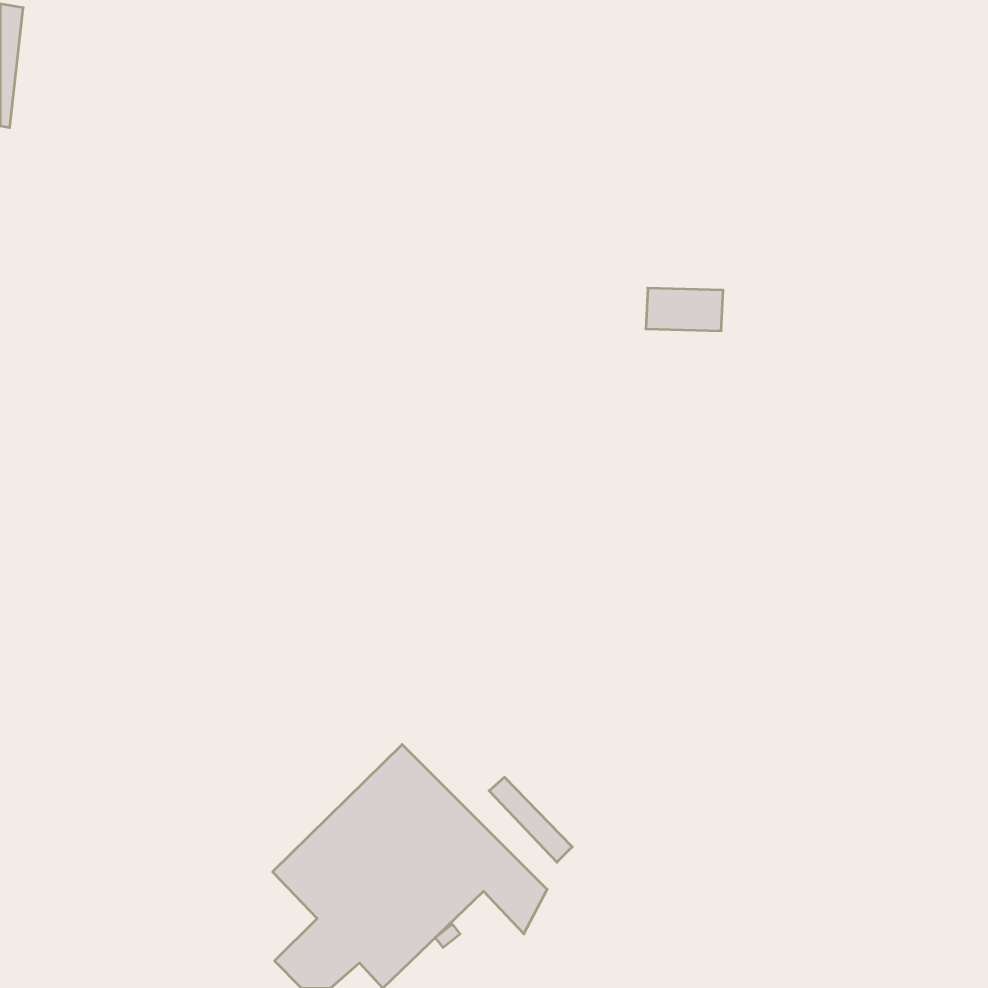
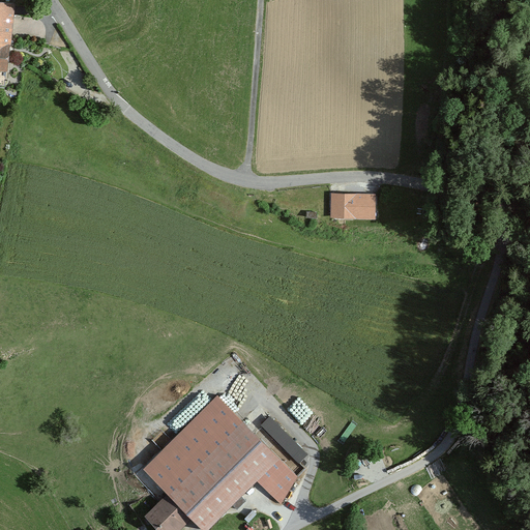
building: [646,288,723,331] -> [332,194,374,216]

